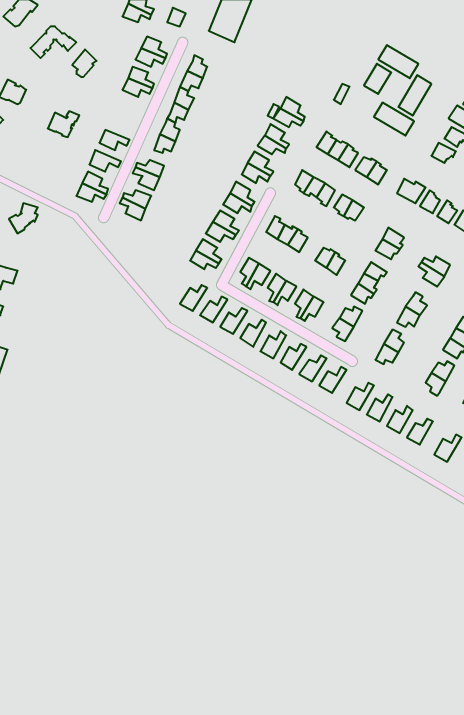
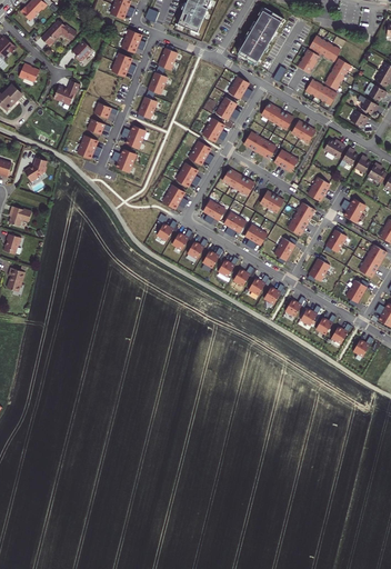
building: none -> [238,8,282,63]

